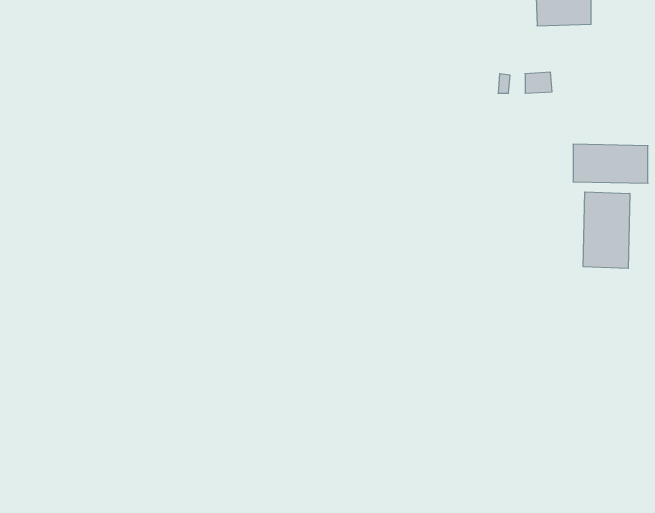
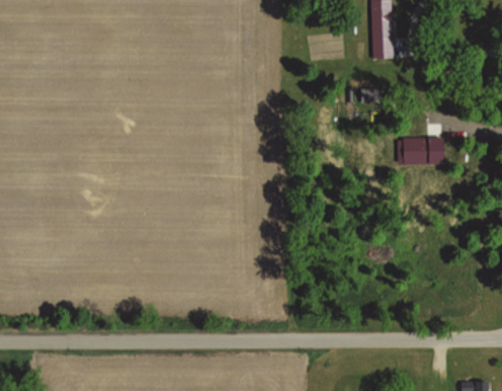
building: [583,192,630,268] -> none

